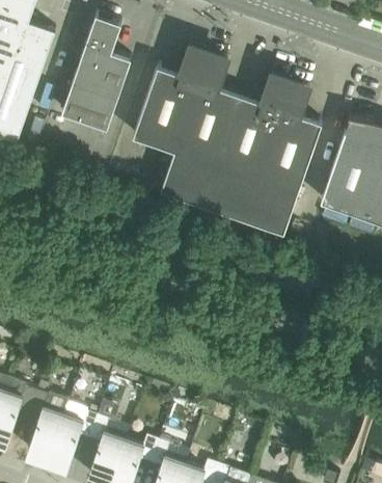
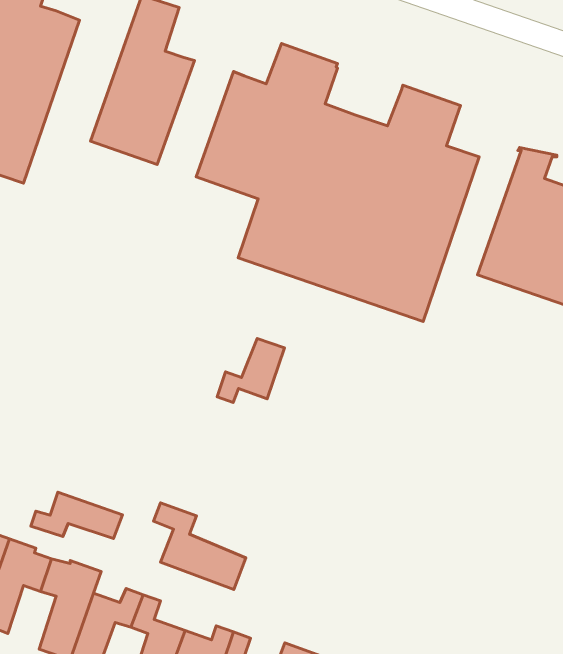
building: none -> [217,338,285,403]
building: none -> [31,492,122,539]
building: none -> [153,503,246,590]

